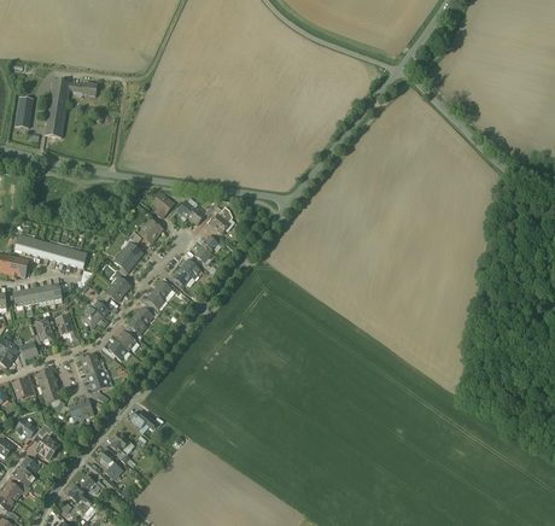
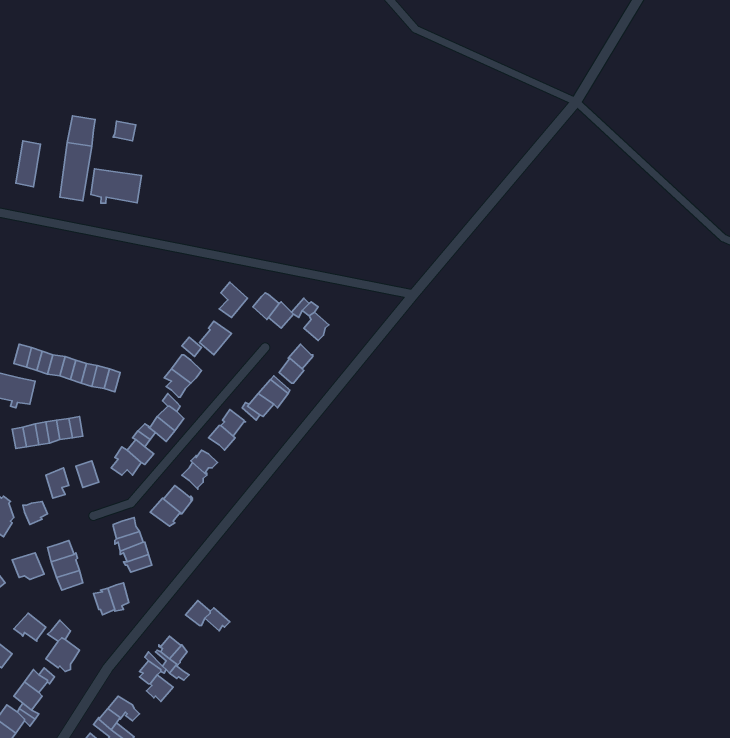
building: none -> [91,169,141,203]

